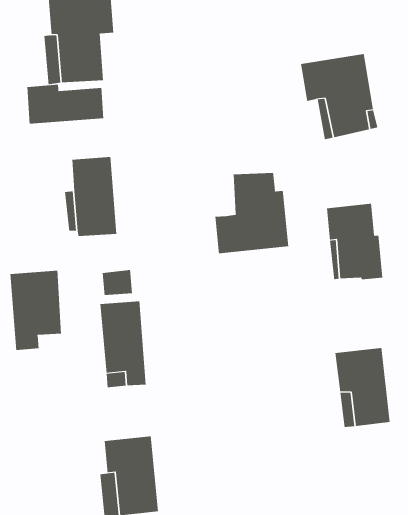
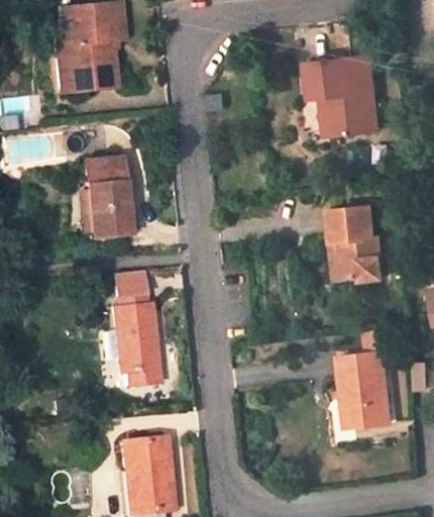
building: [27,84,104,125] -> none
building: [215,172,289,254] -> none
building: [10,270,62,351] -> none

